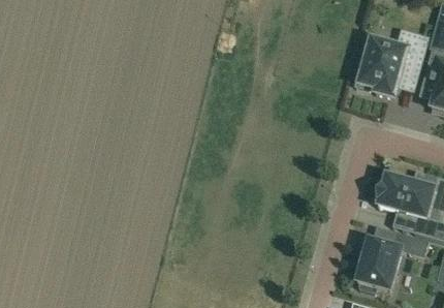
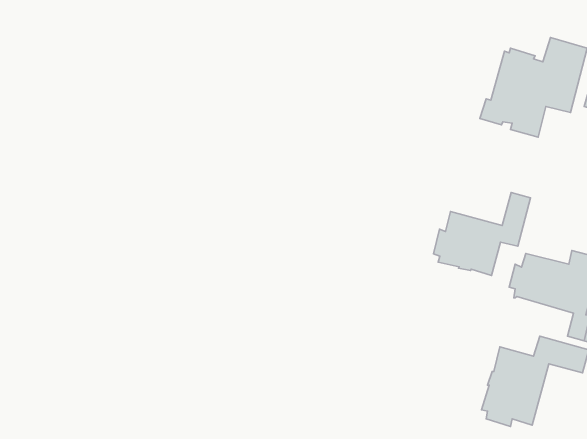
building: none -> [434,193,530,275]

